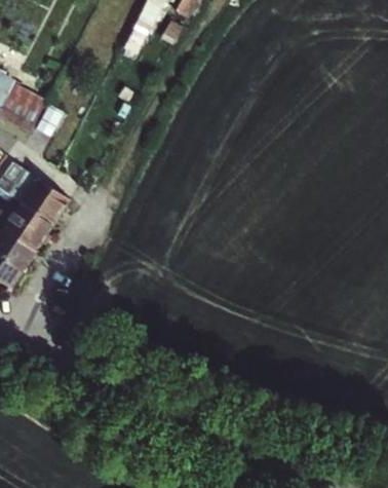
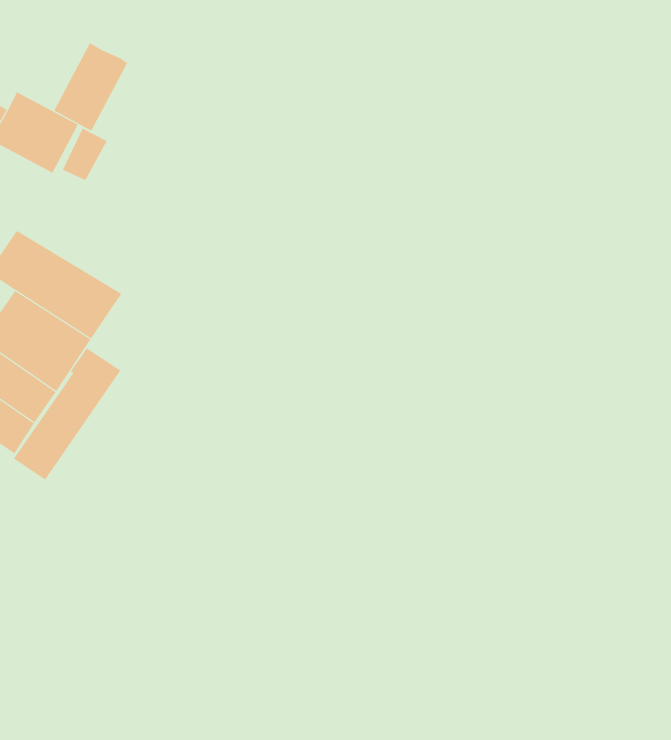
building: none -> [53,42,128,131]
building: none -> [13,347,121,480]

